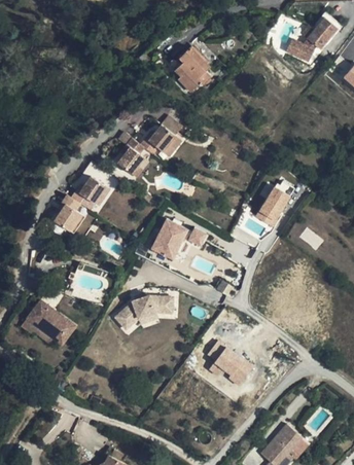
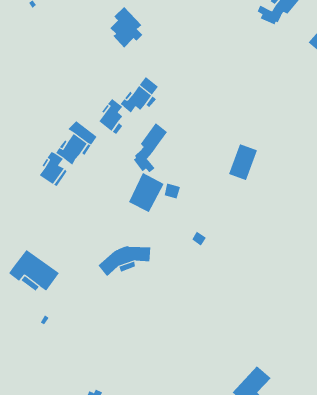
building: [176,46,212,92] -> [110,6,143,48]
building: none -> [133,122,168,173]
building: [207,339,254,388] -> none

